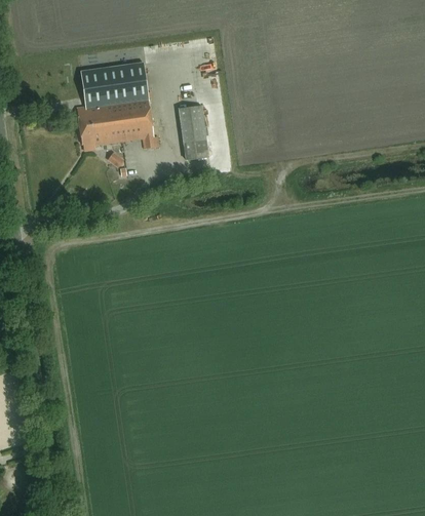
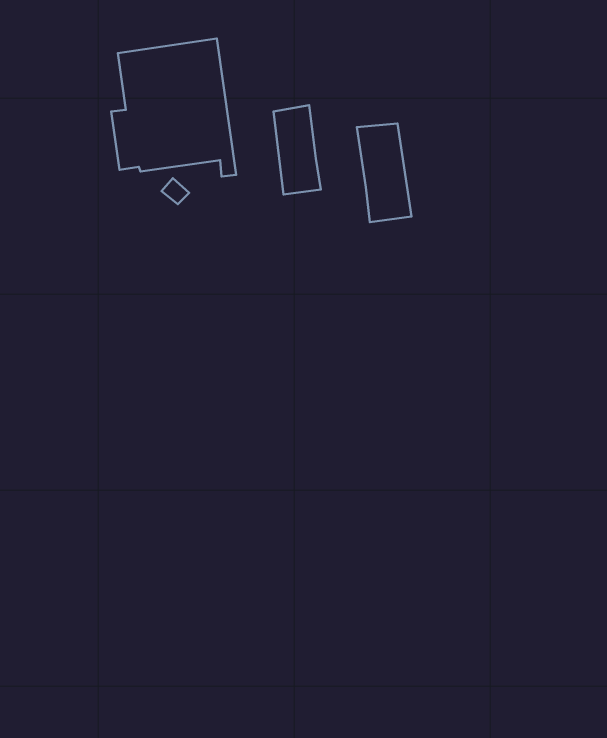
building: none -> [357,124,412,222]

